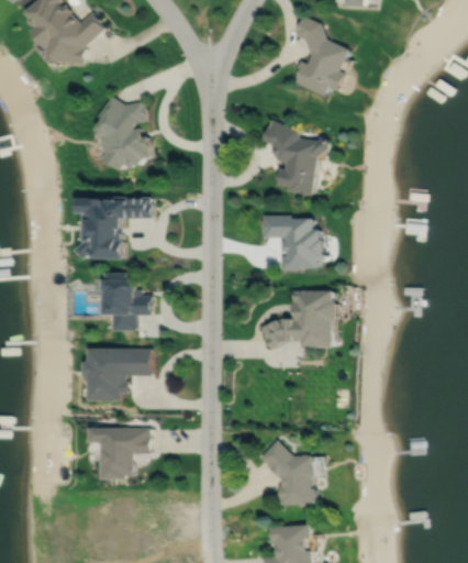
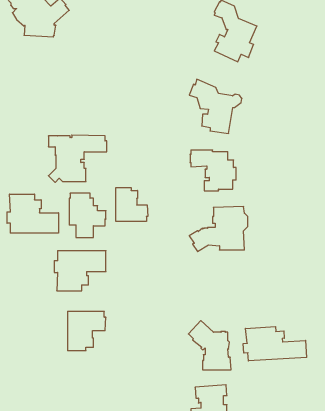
building: [93,97,149,173] -> none
building: none -> [116,188,148,221]
building: none -> [7,194,58,233]
building: none -> [243,327,307,361]

